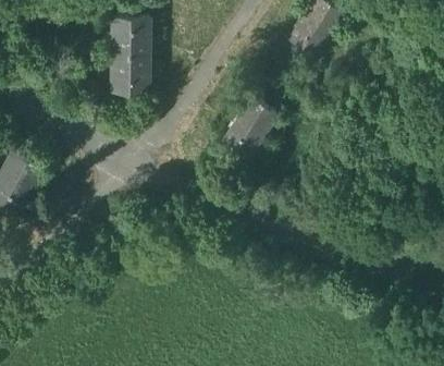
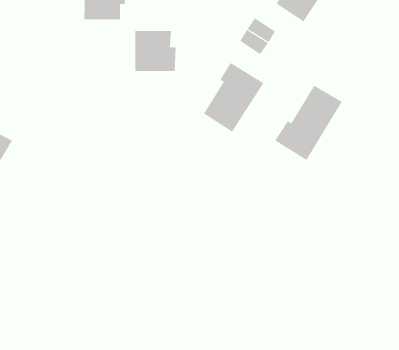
building: [111,54,150,93] -> [134,30,177,71]
building: none -> [274,85,342,161]

